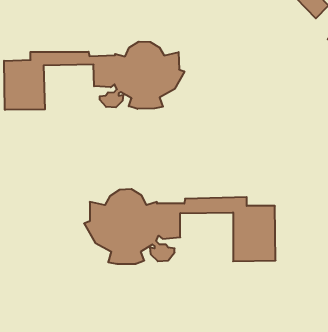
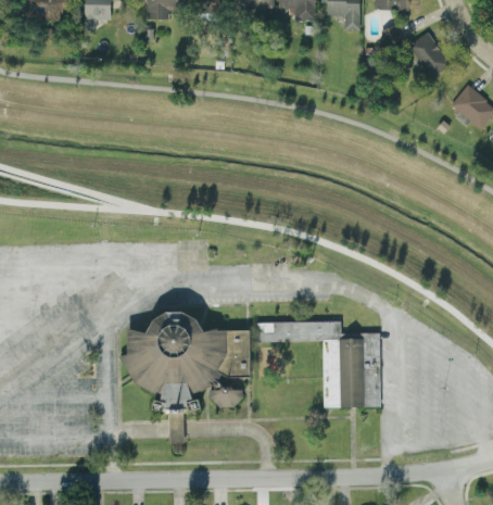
building: [4,42,184,110] -> none

